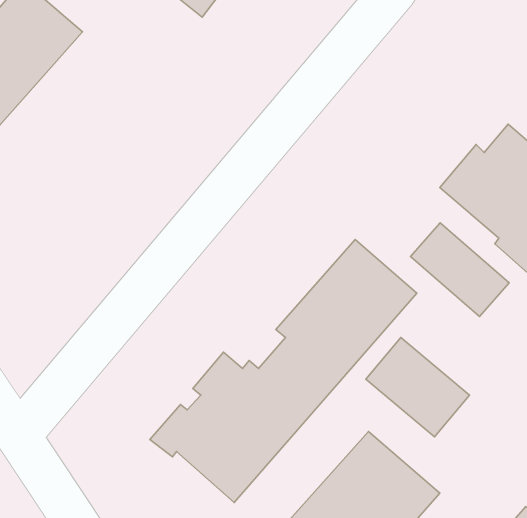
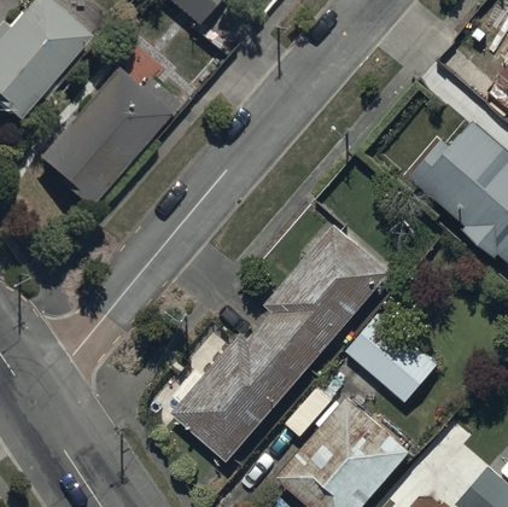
building: none -> [39,71,177,208]
building: [411,223,509,316] -> none

